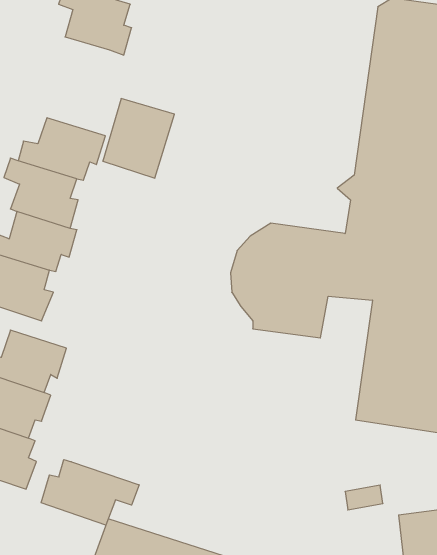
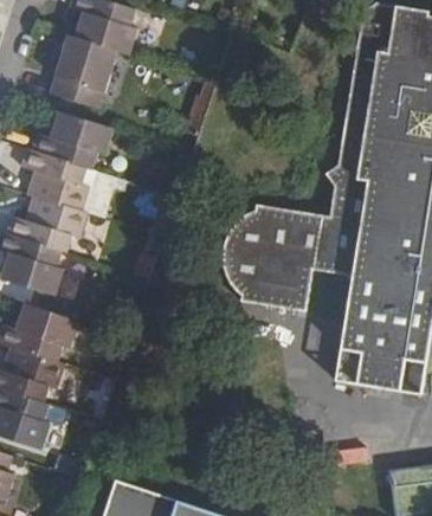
building: [103,99,174,178] -> [51,36,116,108]
building: [41,460,139,525] -> none

